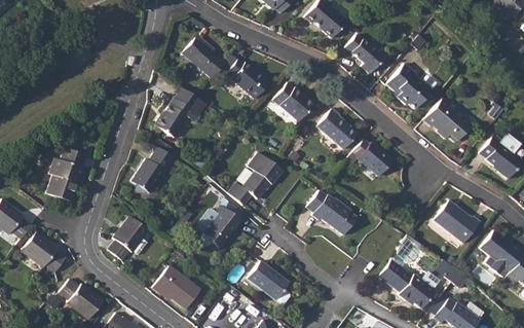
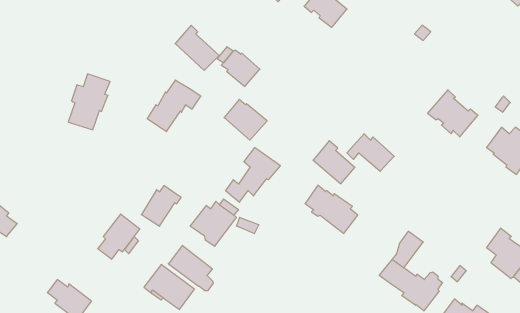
building: [346,34,384,73] -> none
building: [387,64,433,108] -> none
building: [274,82,315,121] -> [224,99,267,140]
building: [317,108,358,149] -> [313,141,355,184]
building: [47,147,87,201] -> [68,74,110,130]
building: [133,153,171,192] -> [141,186,181,226]
building: [435,199,481,243] -> none
building: [23,231,66,271] -> none
building: [248,259,291,302] -> [168,246,213,291]

